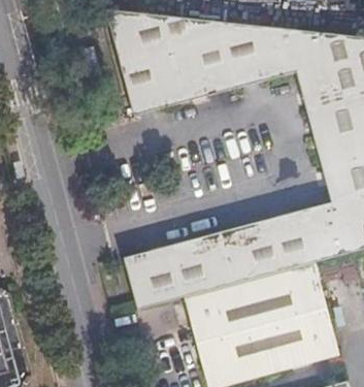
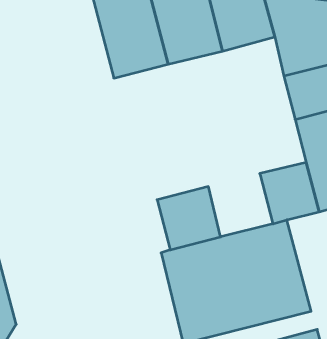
building: [232,216,298,281] -> none
building: [126,243,193,309] -> none

